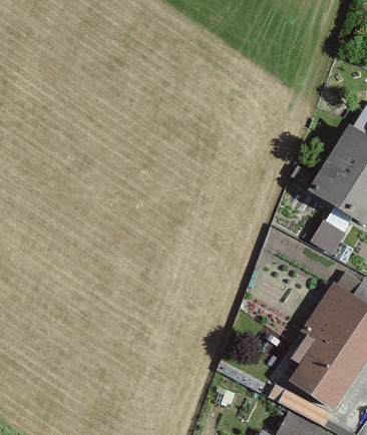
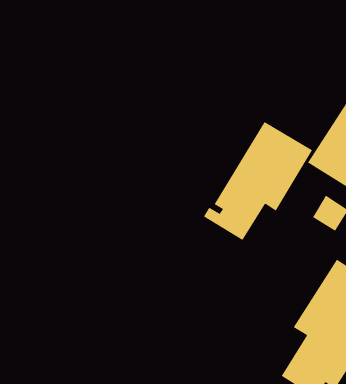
building: none -> [203,121,313,241]

